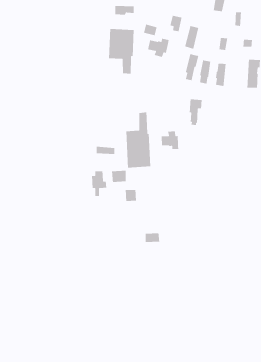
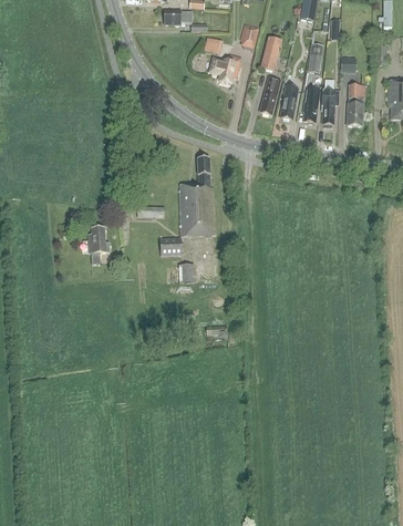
building: [108,28,135,75] -> none
building: [189,99,203,126] -> [320,90,339,127]
building: [161,130,179,150] -> none
building: [91,170,107,197] -> [86,227,108,264]

